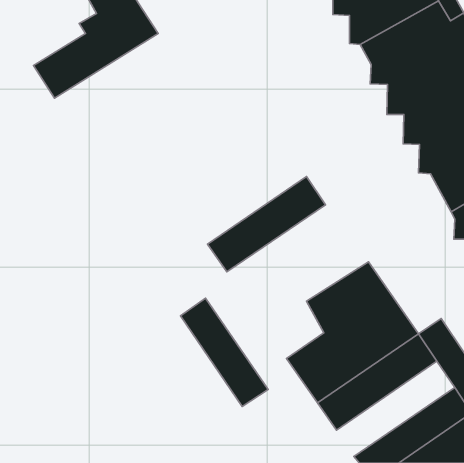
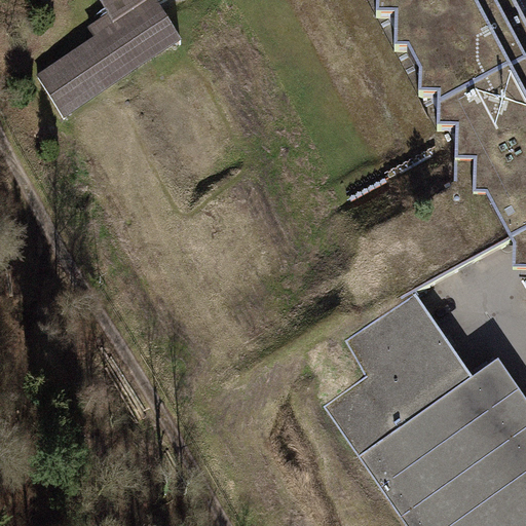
building: [207,176,325,272] -> none
building: [181,298,268,407] -> none
building: none -> [381,408,515,516]

